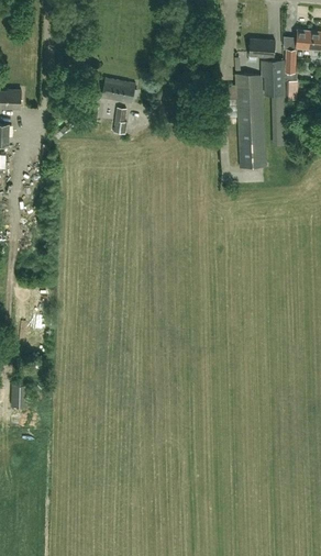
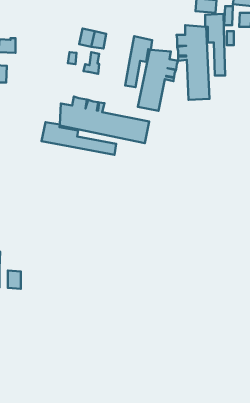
building: none -> [125,36,178,111]
building: none -> [42,96,149,155]

